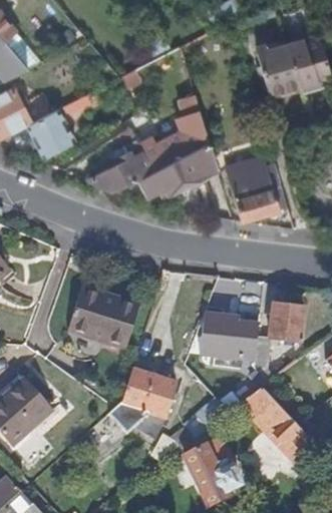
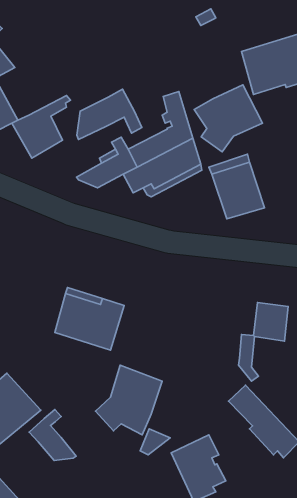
building: none -> [194,85,263,152]
building: none -> [77,89,142,140]
building: [200,316,258,360] -> none
building: none -> [29,410,76,461]

